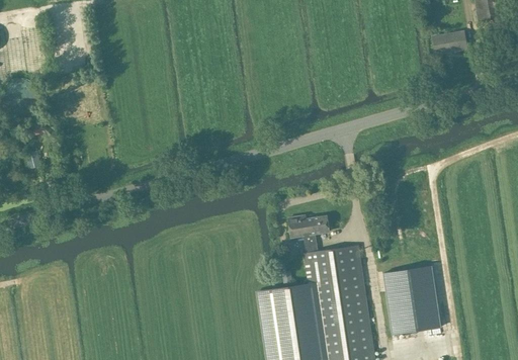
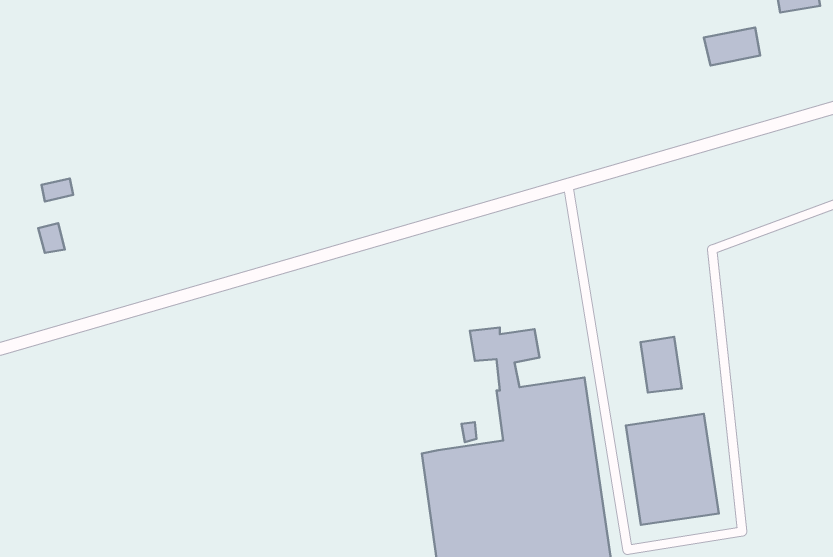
building: none -> [641,337,682,392]

